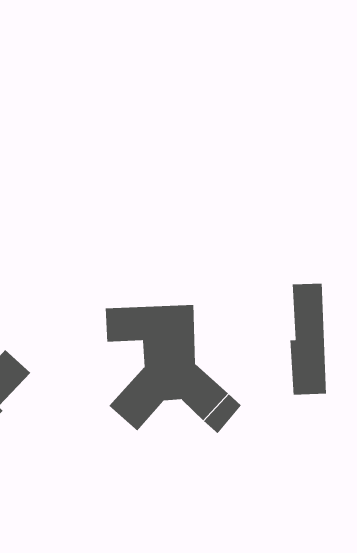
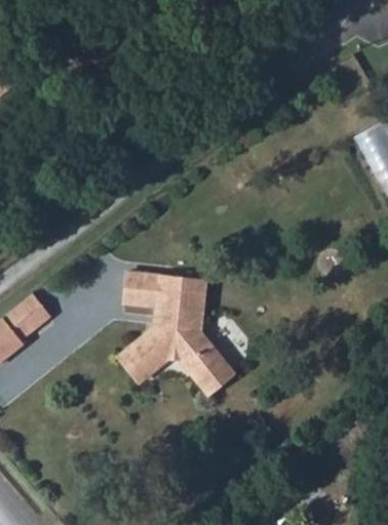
building: [290,283,327,395] -> none

